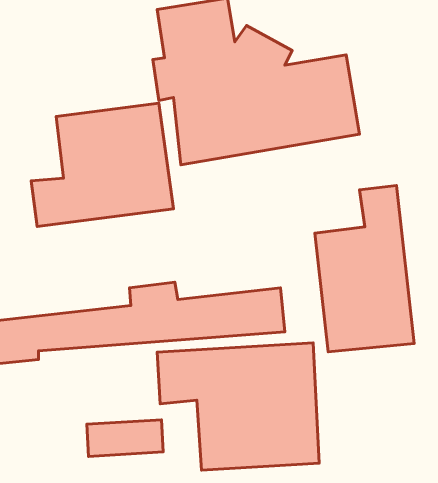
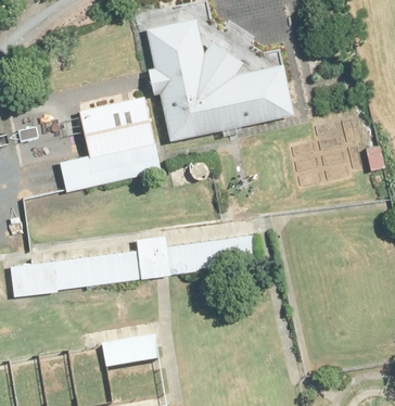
building: [315,186,414,352] -> none
building: [157,343,319,470] -> none

